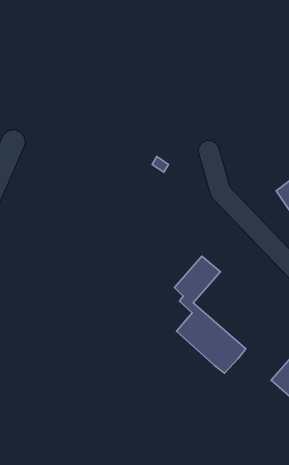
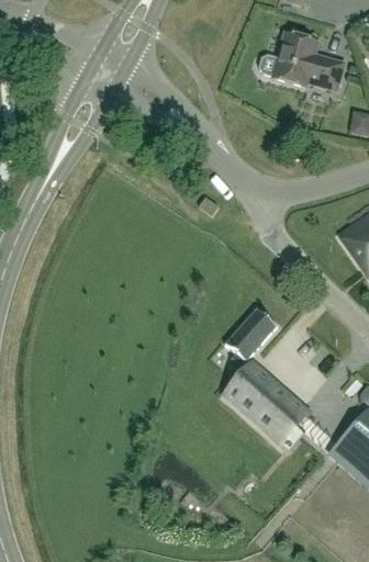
building: none -> [259,31,345,89]

